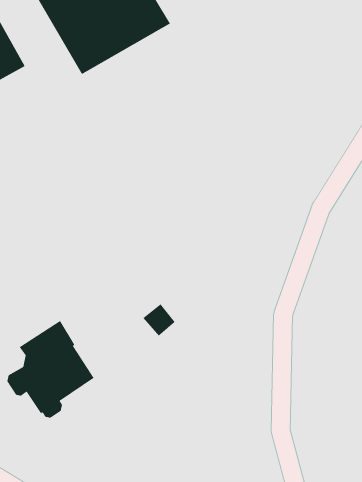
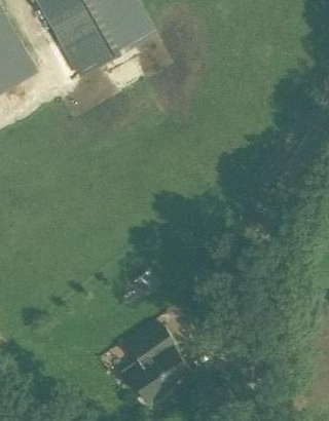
building: [7,320,95,418] -> [118,323,192,406]

